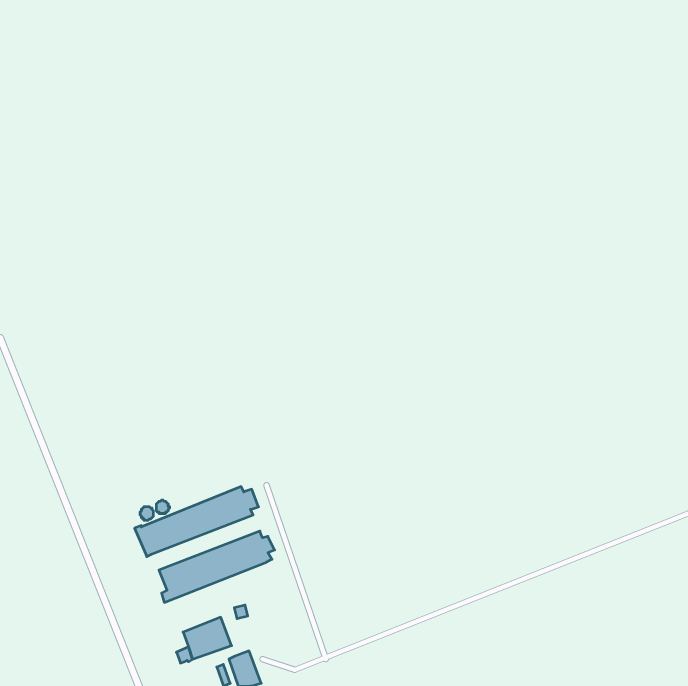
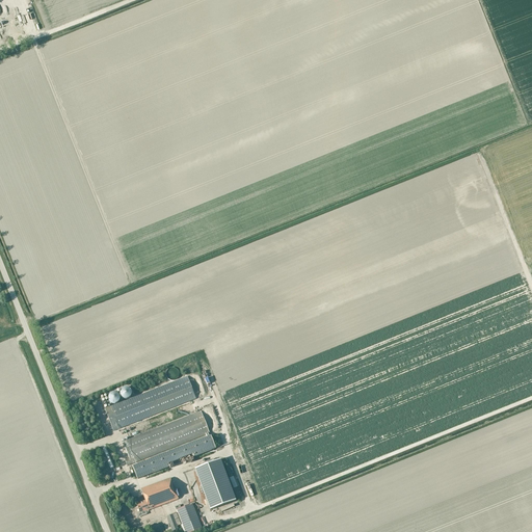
building: none -> [132,432,215,477]
building: none -> [194,458,235,508]

